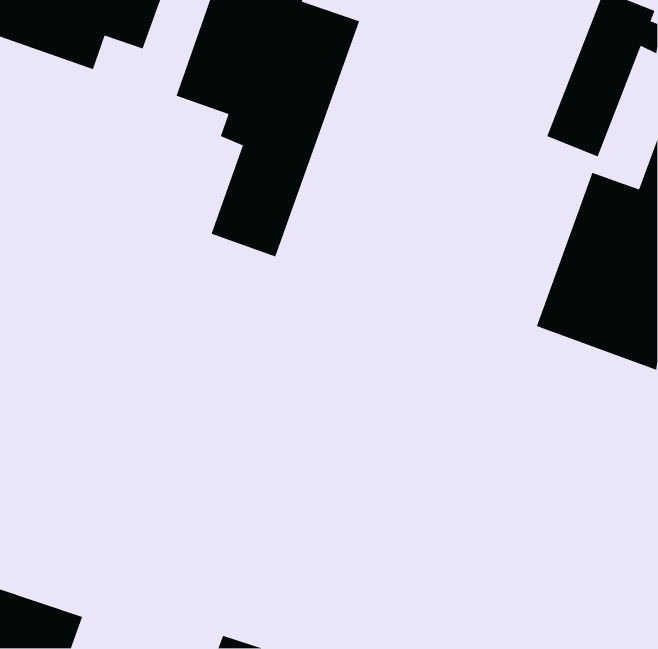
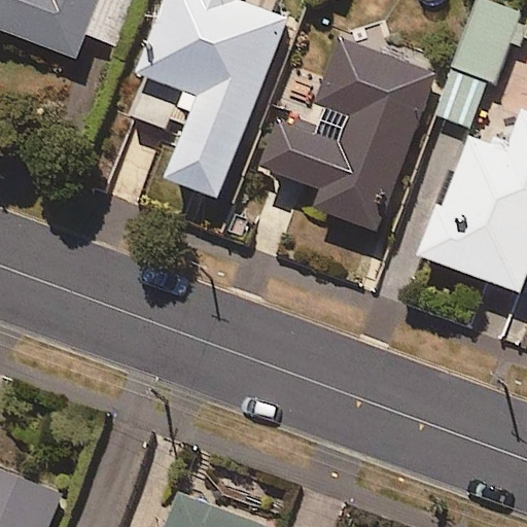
building: none -> [259,36,433,233]

